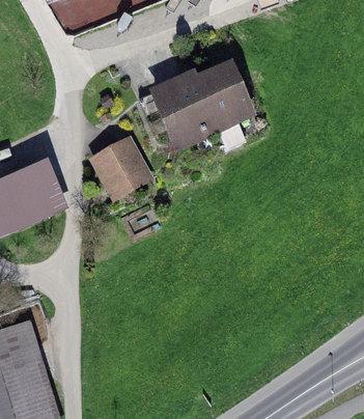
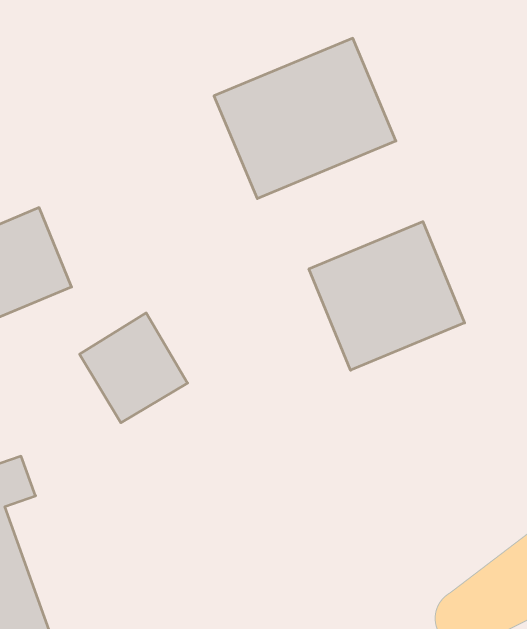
building: [90,140,152,203] -> [80,313,188,423]
building: none -> [309,222,465,370]

